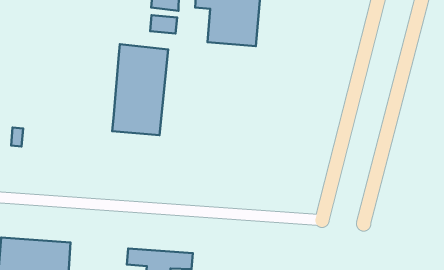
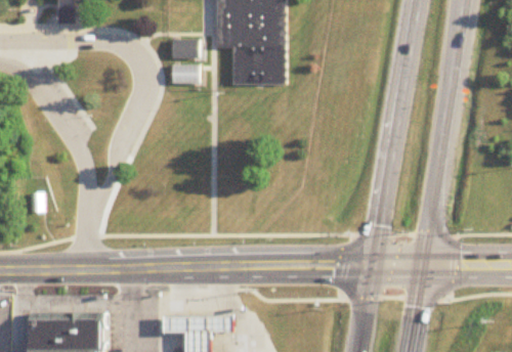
building: [112,44,168,135] -> none

